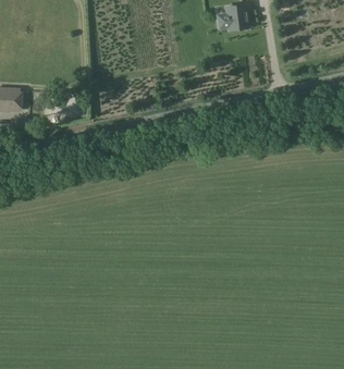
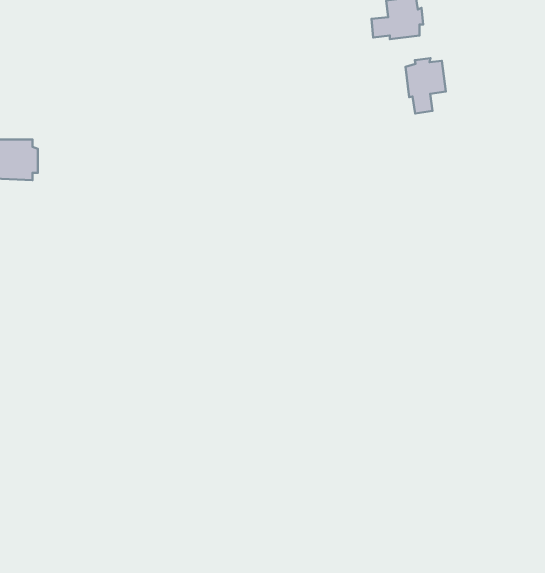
building: none -> [405,58,446,114]

